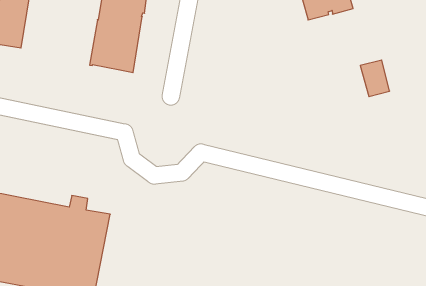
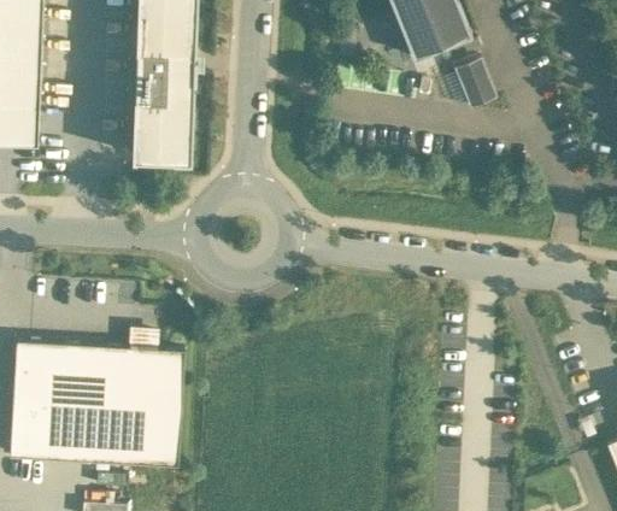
building: [360,60,390,97] -> [452,57,495,107]

